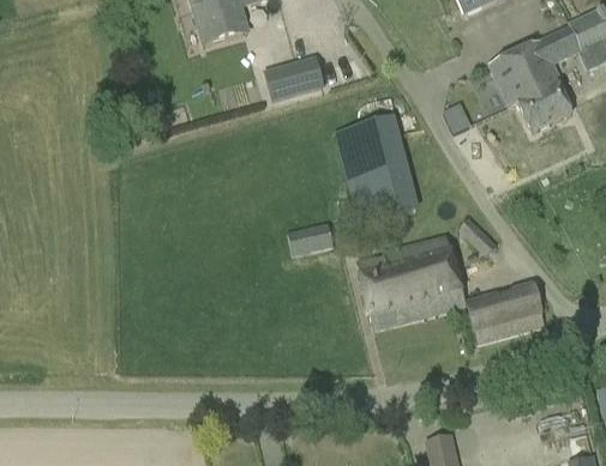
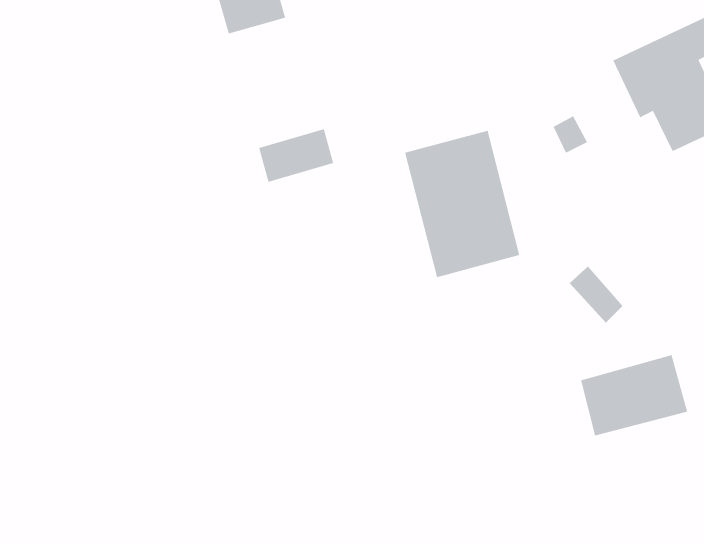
building: [265,59,322,99] -> [258,128,334,183]
building: [288,222,330,255] -> none
building: [358,240,464,328] -> none

